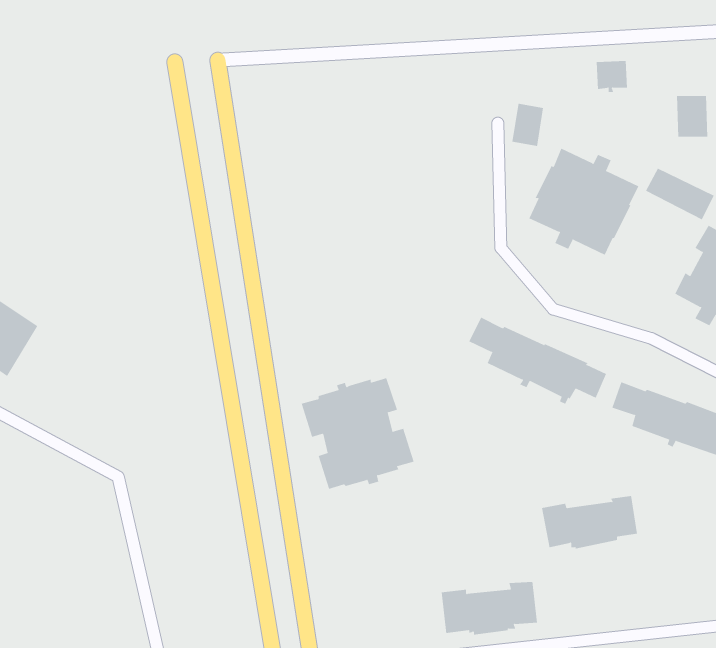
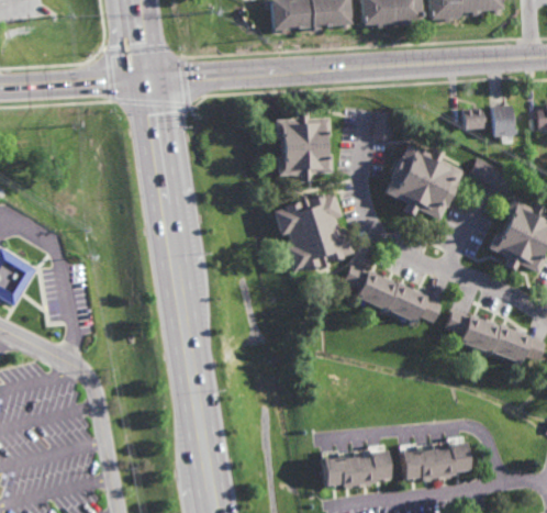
building: [596,60,628,93] -> [462,108,485,131]
building: none -> [276,110,332,181]
building: [301,377,415,490] -> [272,192,354,272]
building: [541,495,638,549] -> [402,445,471,483]

